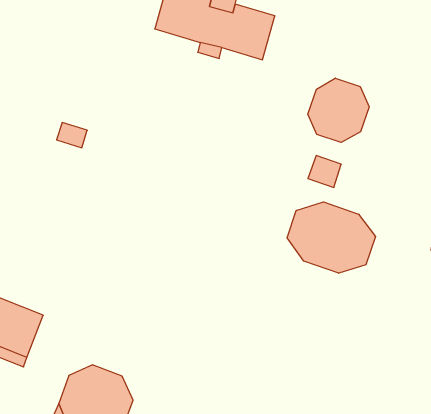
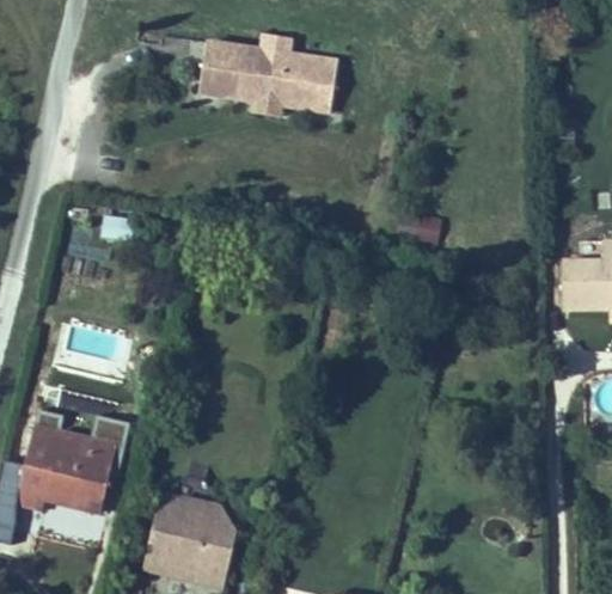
building: [308,78,369,142] -> none
building: [287,202,375,273] -> none

